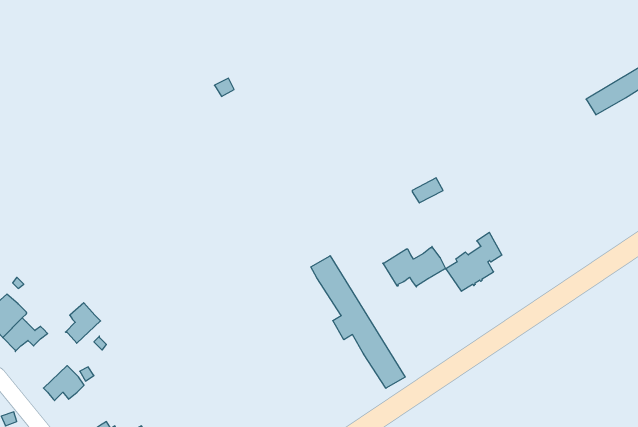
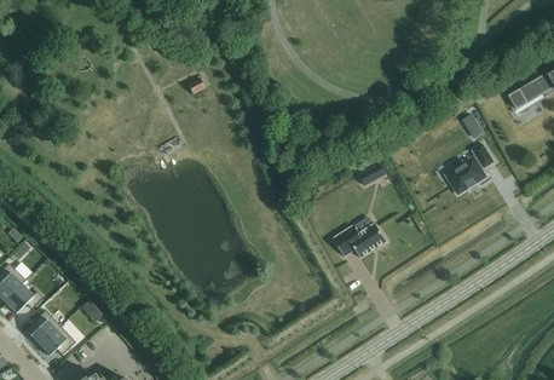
building: [446,232,502,291] -> [444,143,492,194]
building: [311,256,405,388] -> none
building: [65,303,101,343] -> [29,310,59,345]

